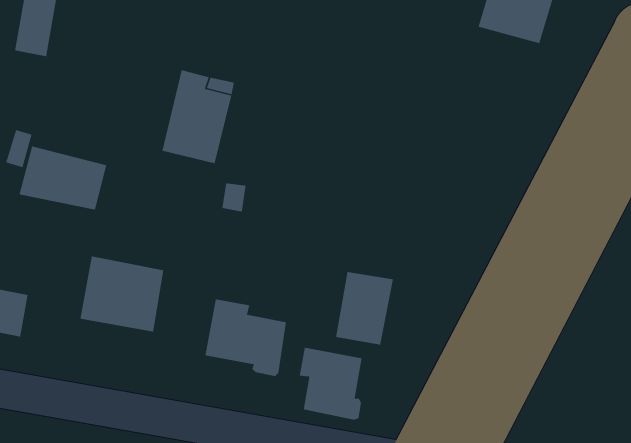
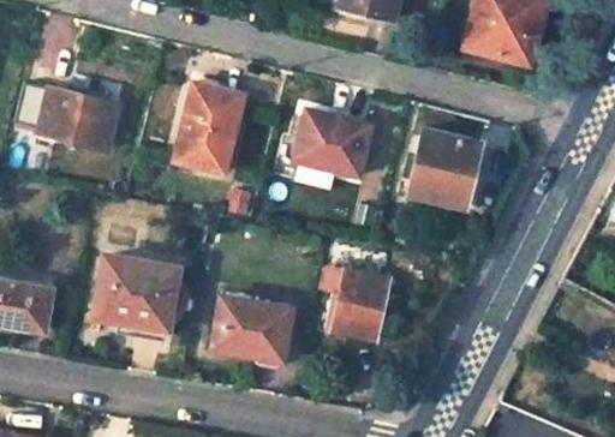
building: none -> [292,110,369,174]
building: none -> [406,131,483,206]
building: [18,145,107,211] -> [36,86,118,146]
building: [299,347,363,421] -> none

